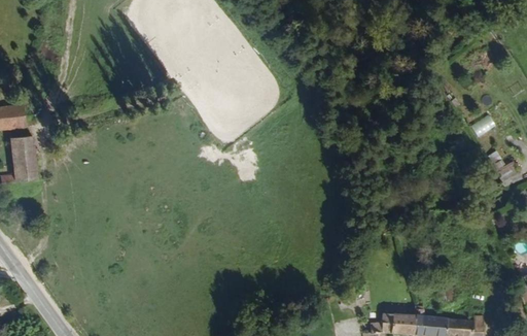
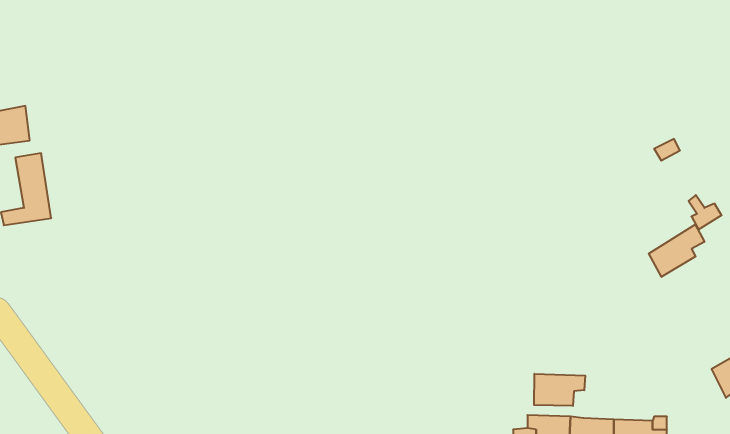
building: none -> [649,225,704,277]
building: none -> [534,374,585,406]

